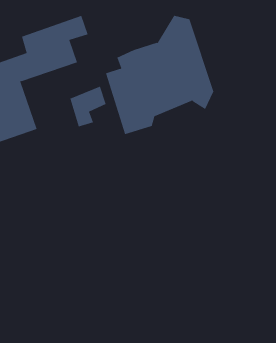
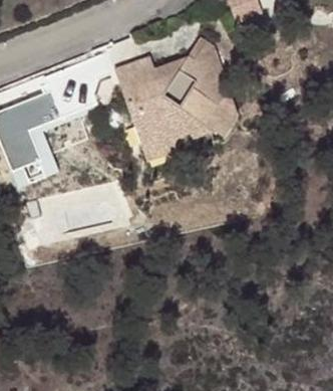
building: [70,86,106,127] -> [117,58,155,102]

